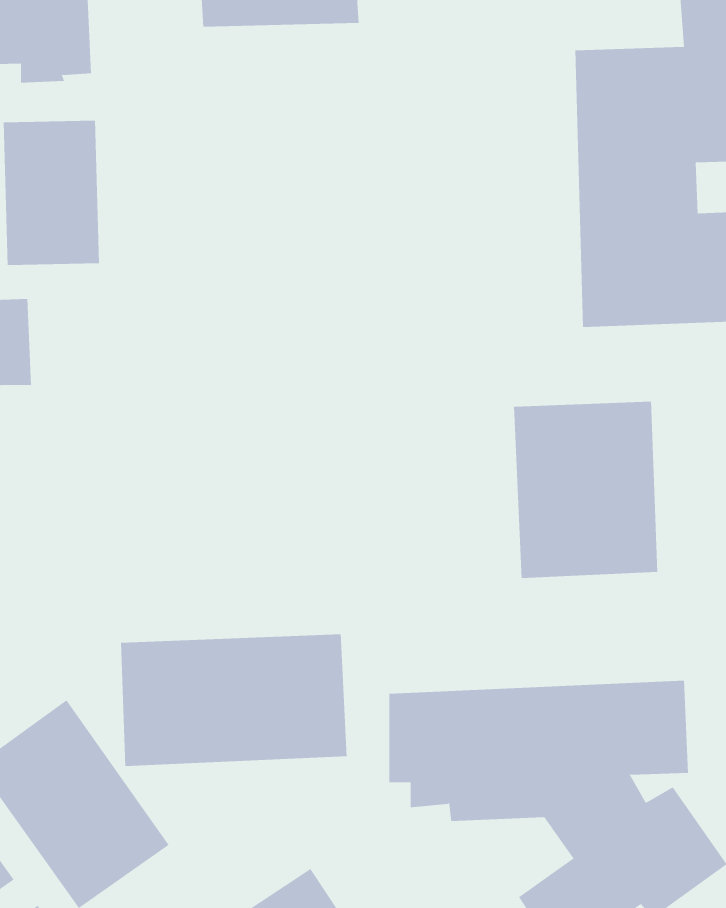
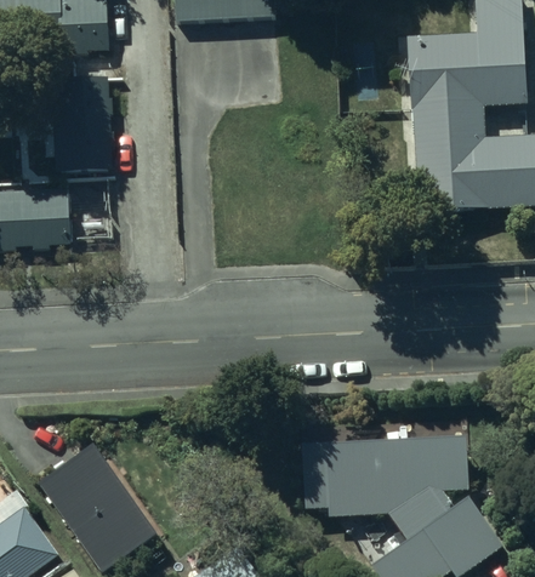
building: [513,401,658,579] -> none
building: [121,633,347,767] -> none

